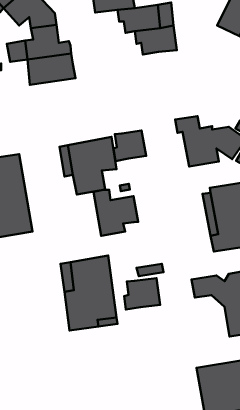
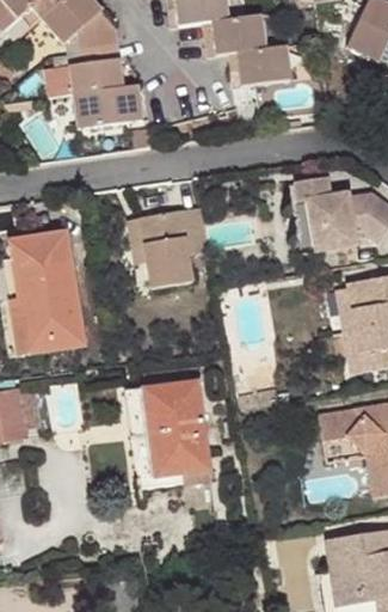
building: [113,130,146,161] -> none
building: [93,190,138,236] -> none
building: [124,278,160,310] -> none

